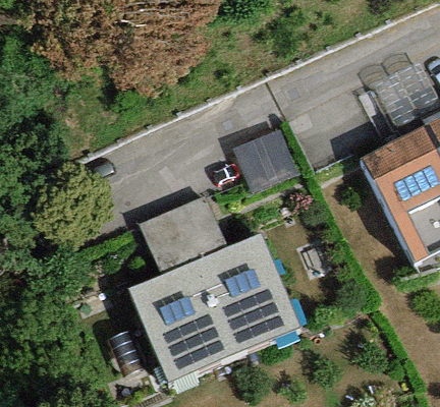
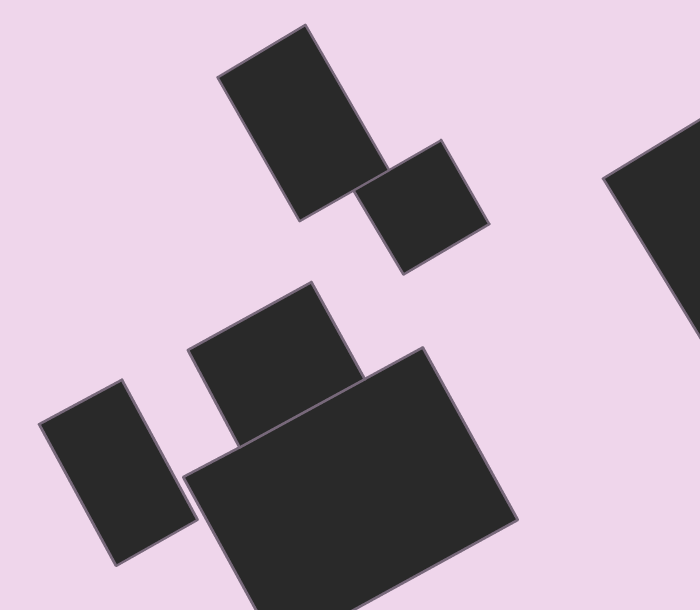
building: none -> [218,25,389,221]
building: none -> [39,380,197,566]

